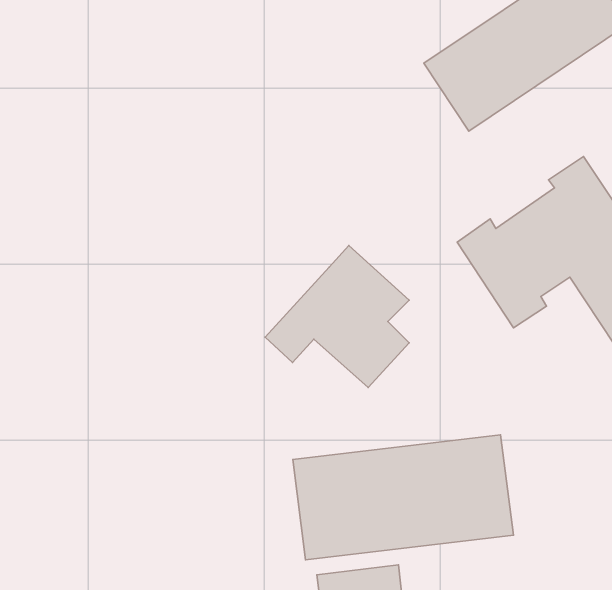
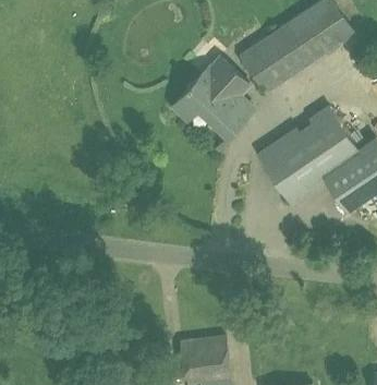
building: [265,246,409,388] -> [171,55,252,134]
building: [293,435,513,560] -> none

